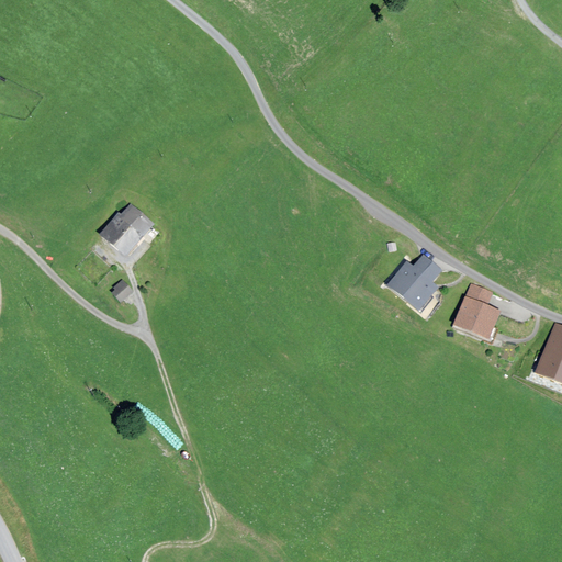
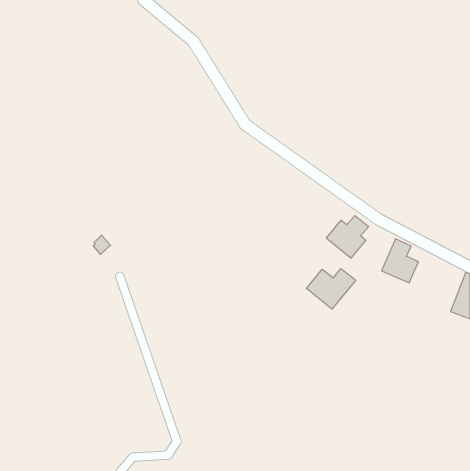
building: [102,203,153,255] -> none
building: none -> [307,269,356,309]

